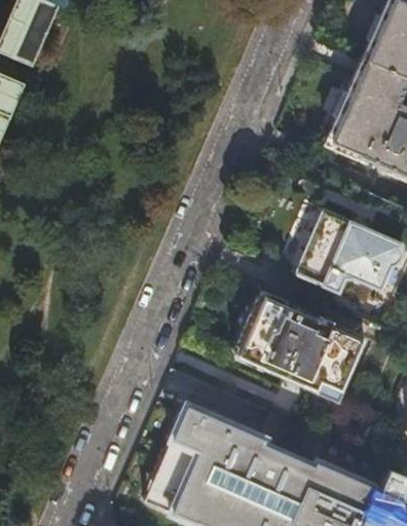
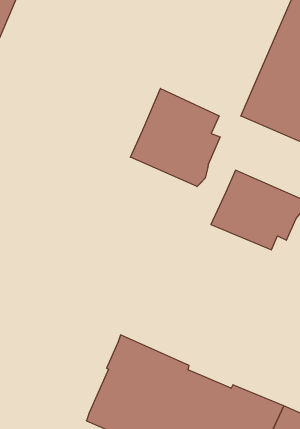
building: none -> [130,88,220,187]
building: [232,291,364,400] -> none

